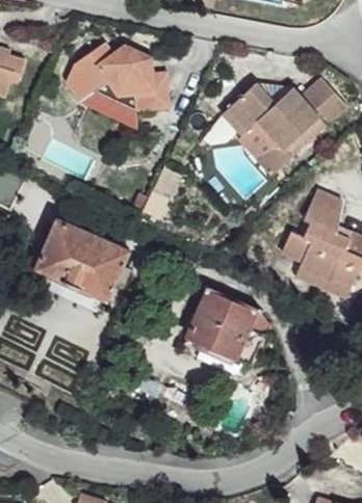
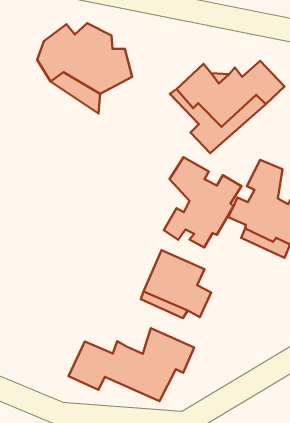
building: none -> [164,157,241,248]
building: [35,219,129,301] -> none
building: none -> [69,328,194,401]

